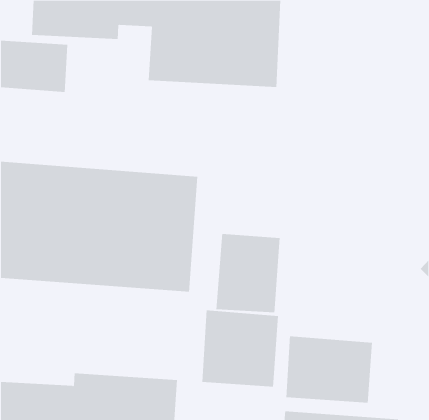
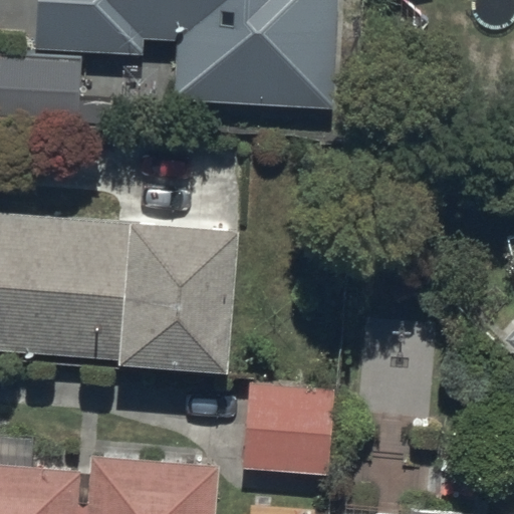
building: [216,233,280,313] -> none
building: [286,335,373,404] -> none

